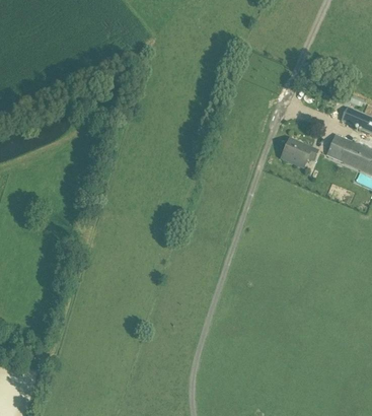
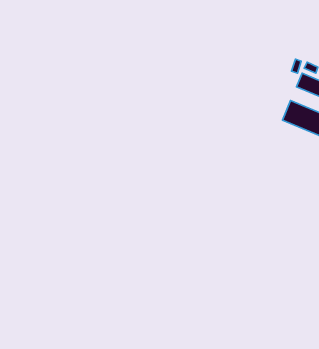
building: [280,137,316,165] -> none

